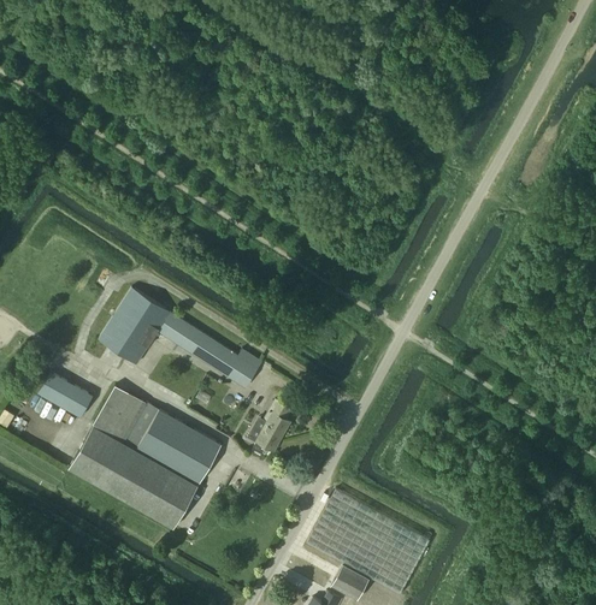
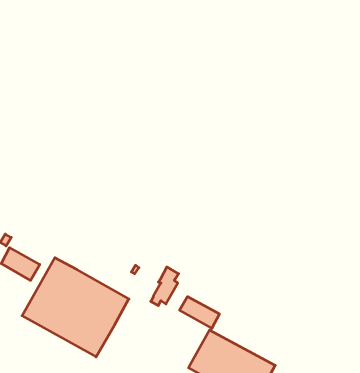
building: [98,287,258,388] -> none
building: none -> [180,297,219,328]

